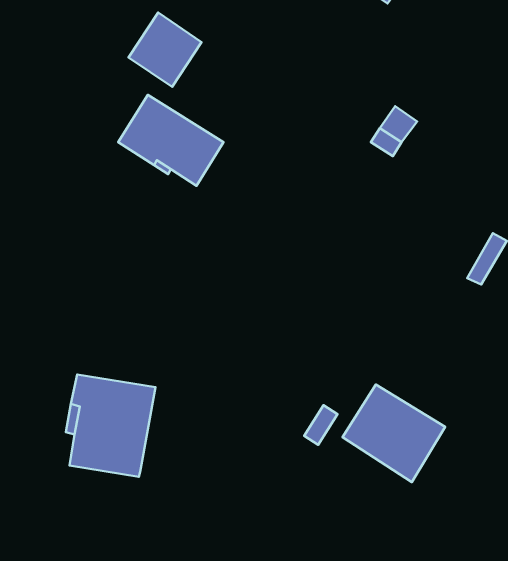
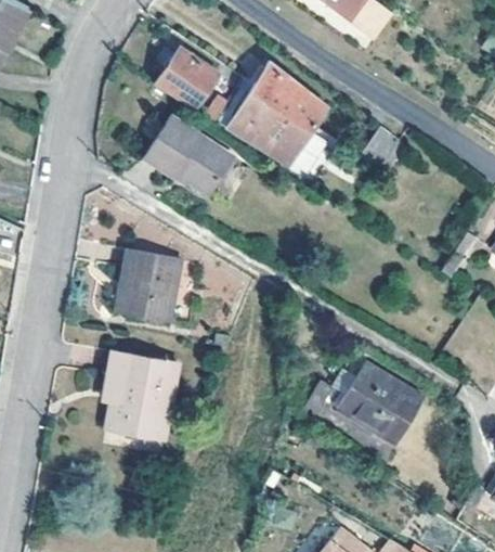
building: none -> [232,61,326,165]
building: none -> [115,249,181,319]

